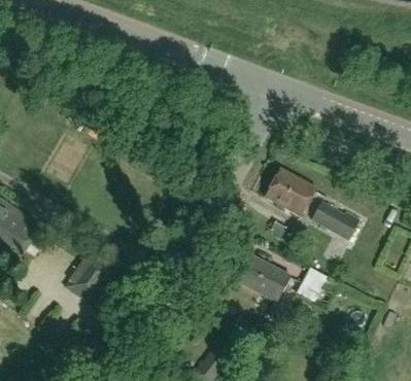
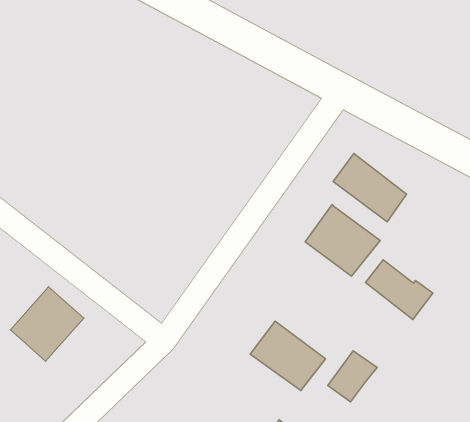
building: none -> [333,153,407,222]

